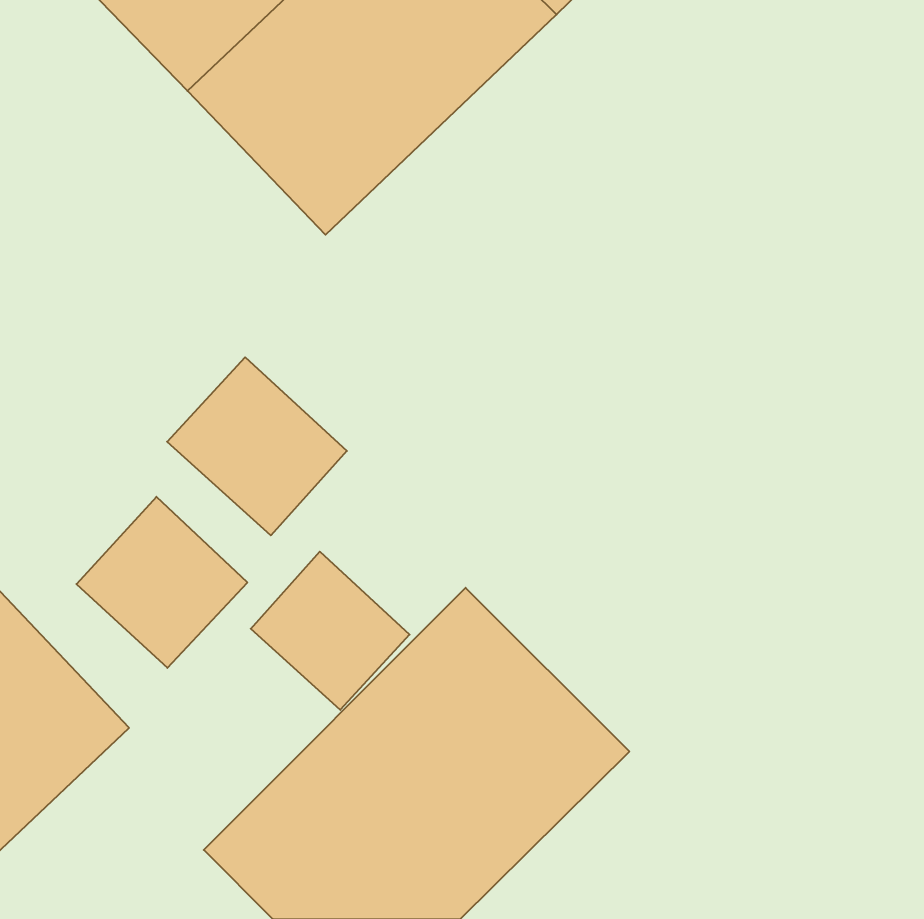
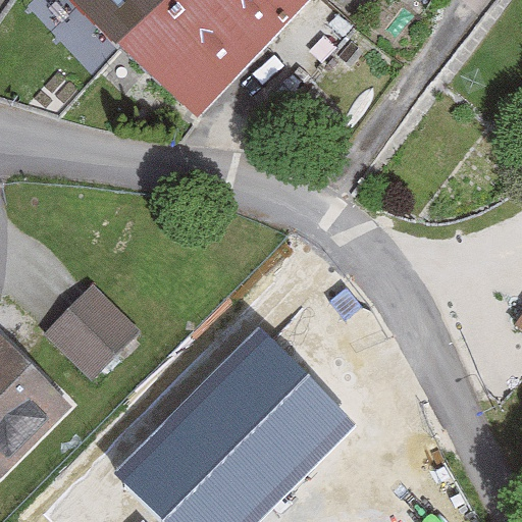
building: [167,357,347,535] -> none
building: [251,552,410,710] -> none

